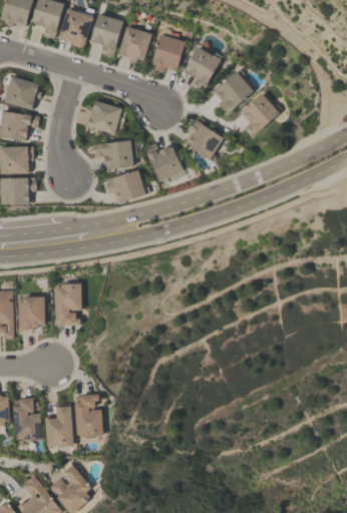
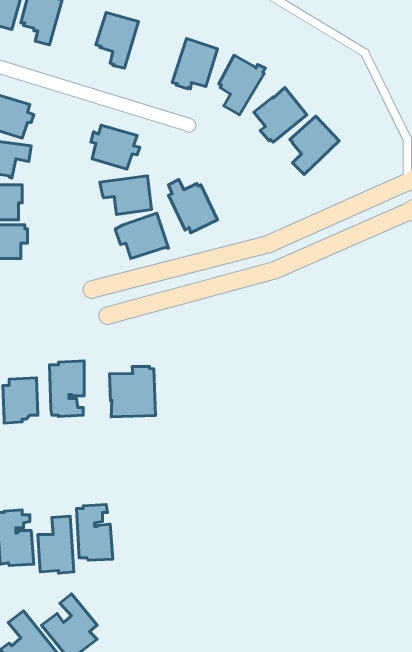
building: [58,8,93,48] -> none
building: [118,25,151,62] -> none
building: [186,119,224,161] -> none
building: none -> [110,366,155,417]

